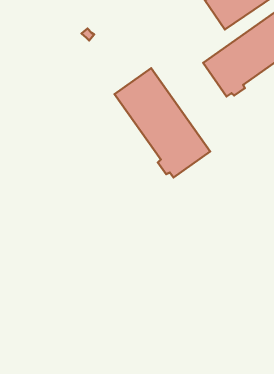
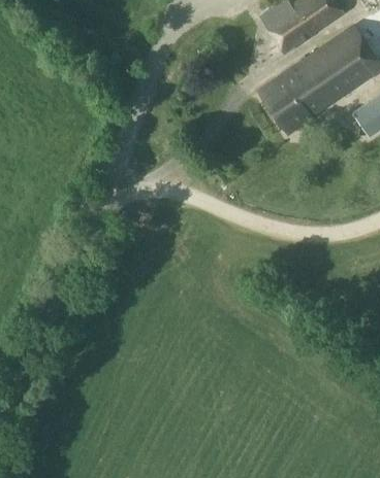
building: [115,68,210,178] -> none

